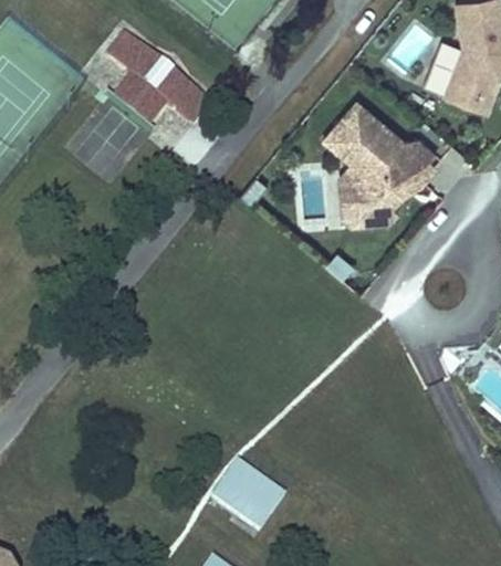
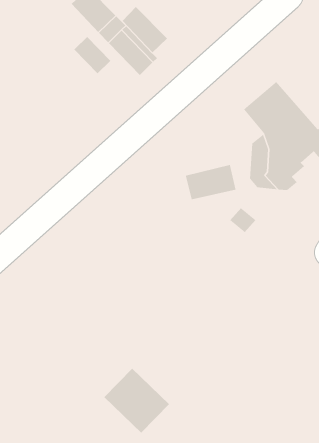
building: none -> [122,6,168,53]
building: none -> [185,164,236,200]

